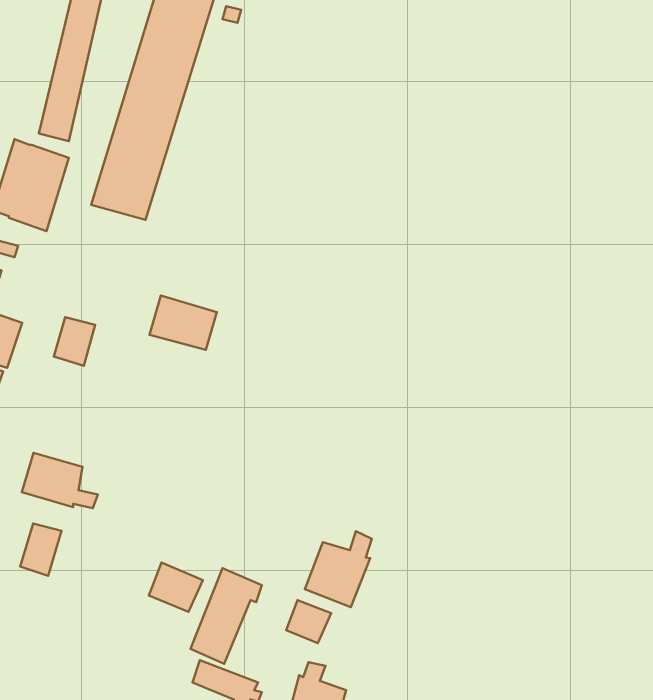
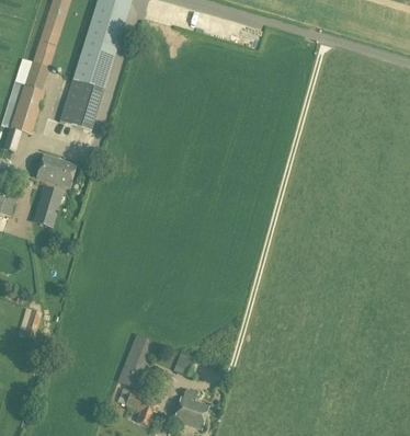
building: [150,295,217,350] -> [37,154,77,186]
building: [22,453,98,508] -> none
building: [305,531,372,607] -> none
building: [149,562,203,612] -> none

